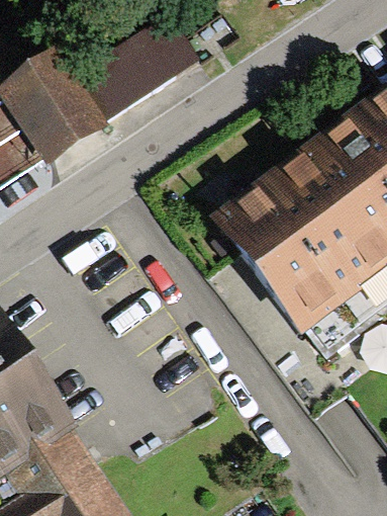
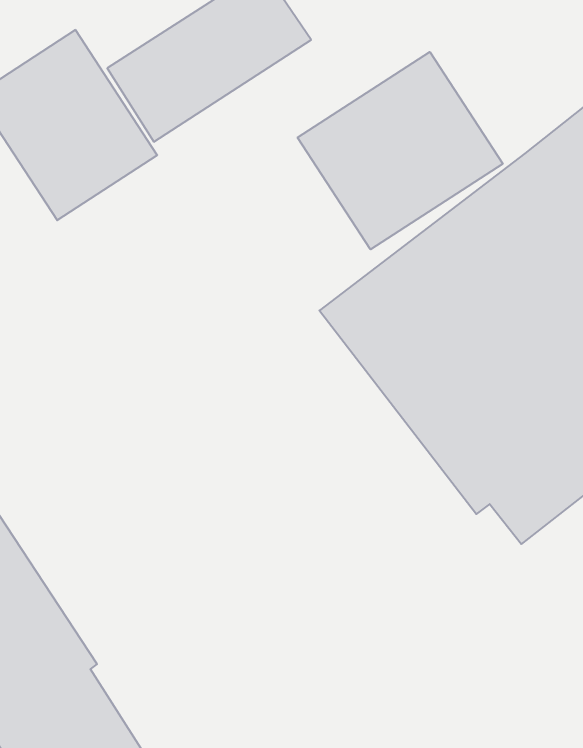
building: none -> [298,52,503,249]

